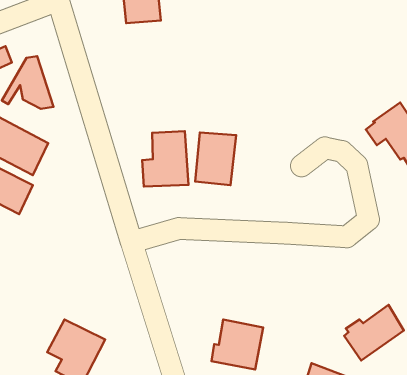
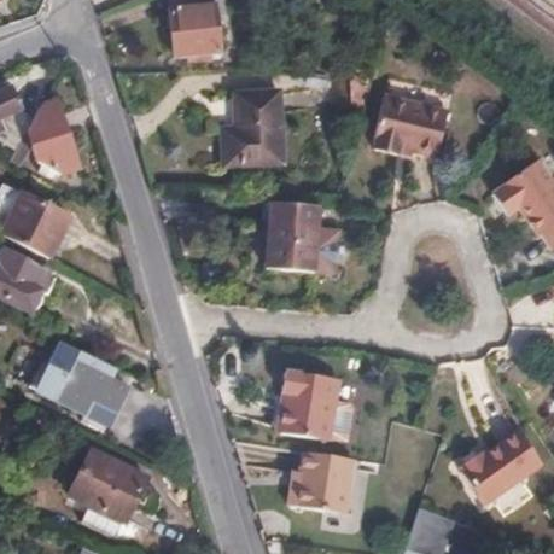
building: none -> [375,92,454,154]
building: [142,131,188,187] -> [222,88,284,162]
building: none -> [31,337,129,424]
building: none -> [281,366,342,438]

